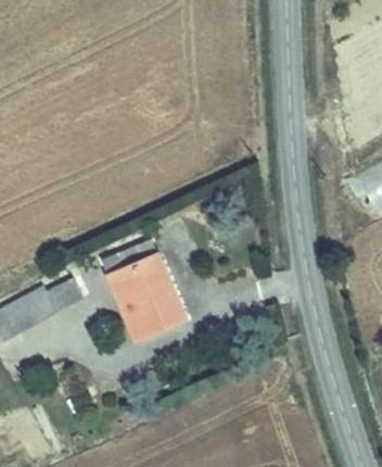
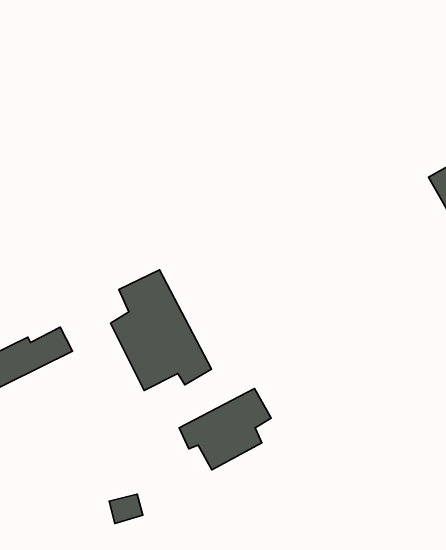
building: none -> [179,389,271,470]

